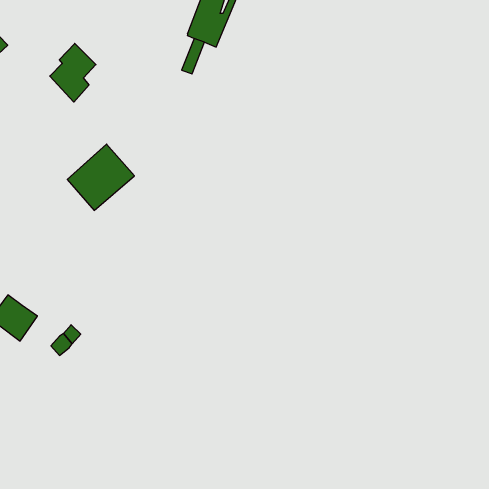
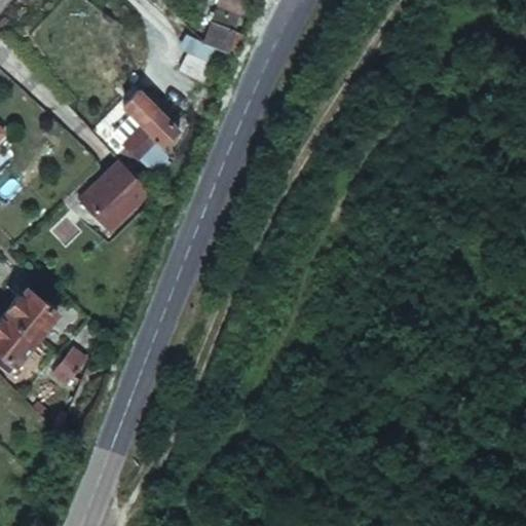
building: [50,43,96,102] -> [123,106,173,168]
building: none -> [8,293,55,338]

